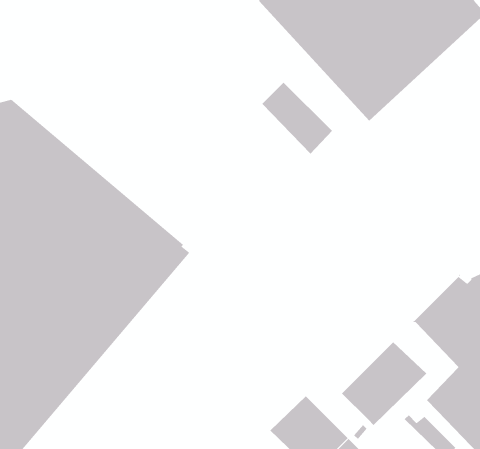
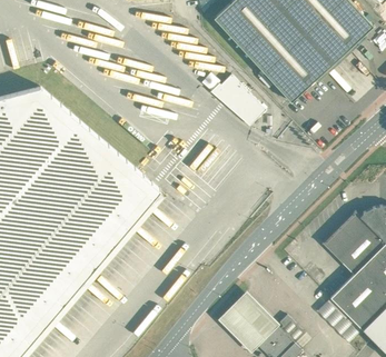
building: [341,341,427,426] -> none

